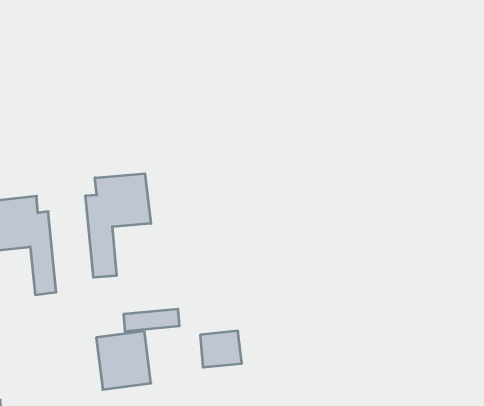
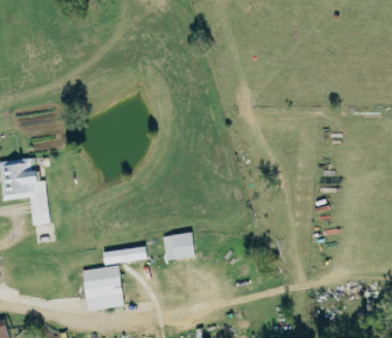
building: [86,174,151,277] -> none
building: [200,331,242,367] -> [162,231,195,260]

